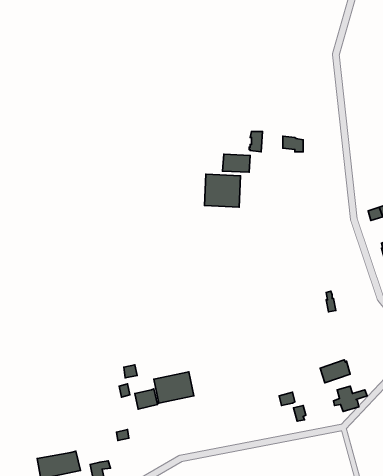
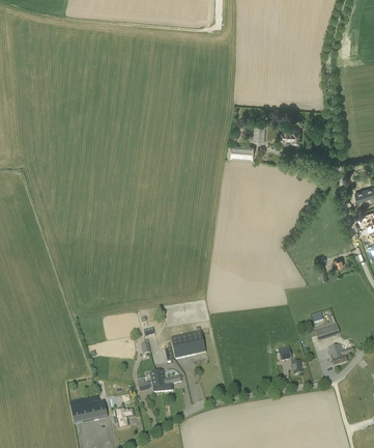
building: [204,174,240,207] -> none
building: none -> [150,369,181,392]

